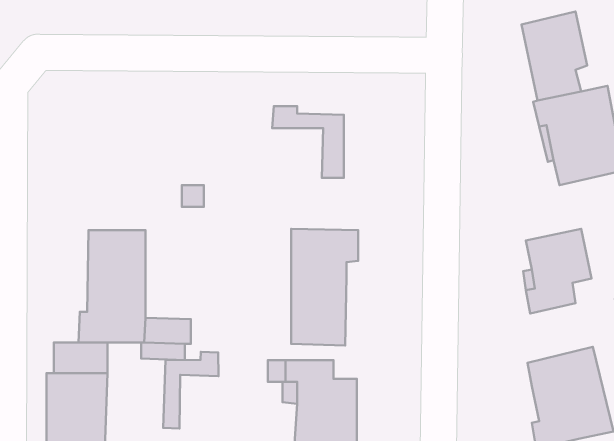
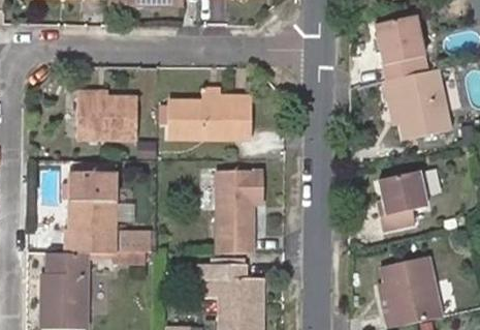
building: none -> [75,95,136,138]
building: none -> [167,99,237,136]
building: [163,352,219,428] -> none

